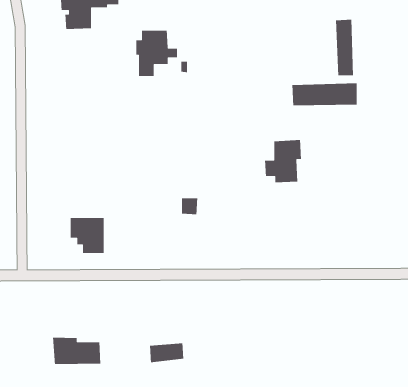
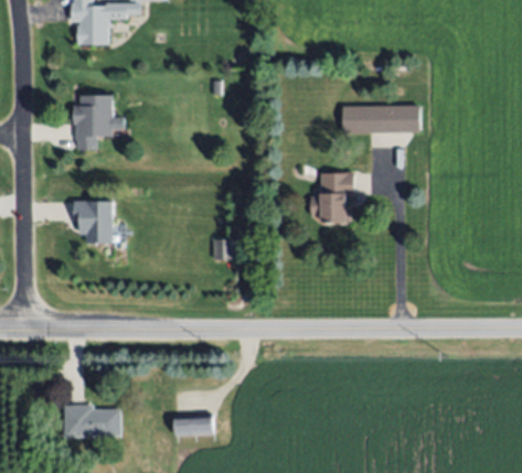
building: [335,19,354,76] -> none
building: [135,30,178,77] -> [74,96,124,151]
building: [70,217,105,254] -> [73,201,114,244]

